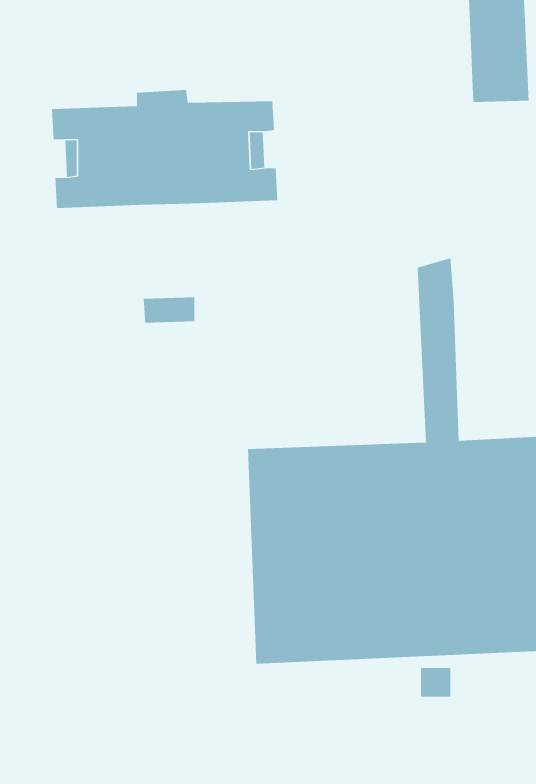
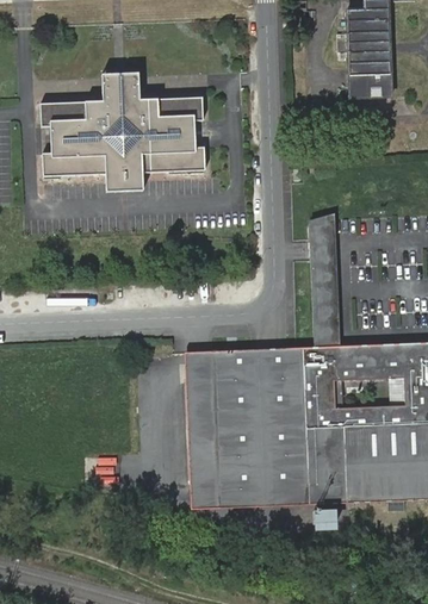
building: none -> [104,71,141,91]
building: [143,297,195,323] -> [106,172,144,191]

